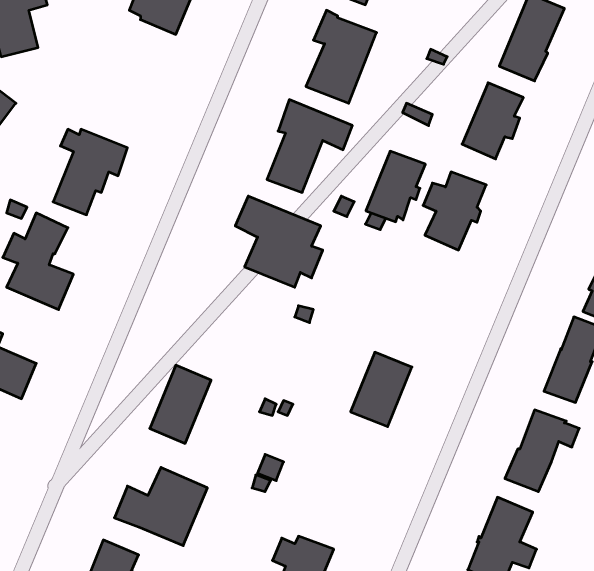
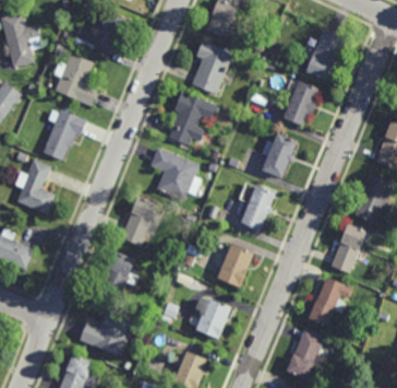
building: none -> [52,54,98,107]
building: [366,151,425,222] -> [240,189,275,231]
building: none -> [121,199,159,245]
building: none -> [195,296,232,338]

